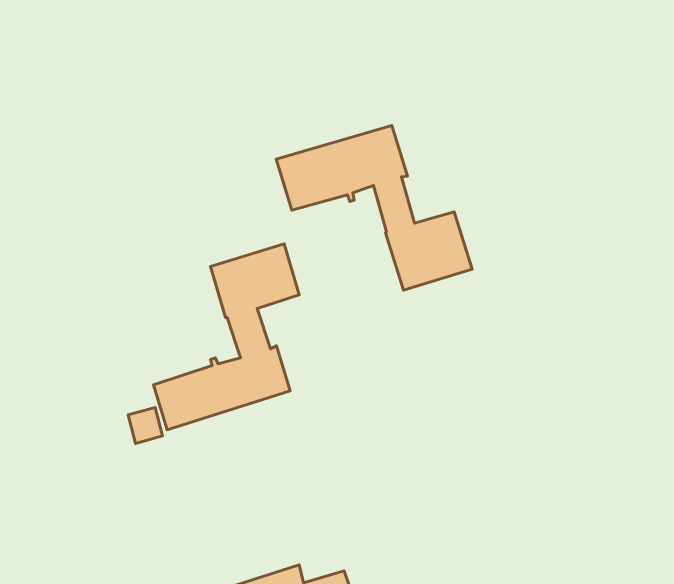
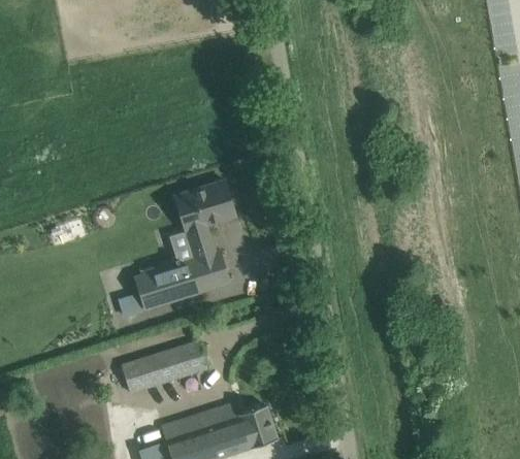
building: [276,125,472,290] -> none
building: none -> [121,340,208,393]

